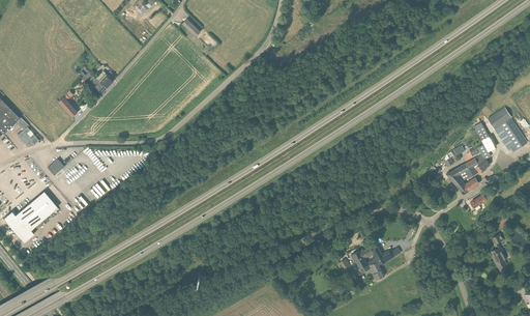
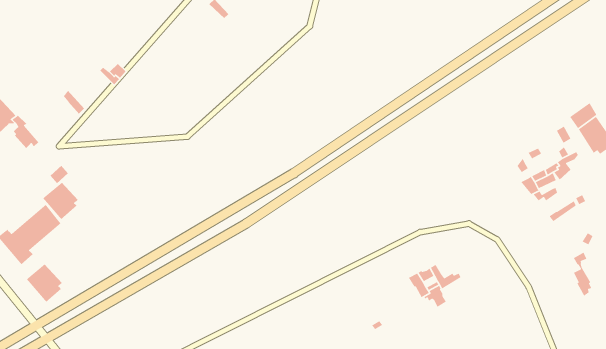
building: none -> [42,182,79,220]
building: none -> [26,264,63,303]

